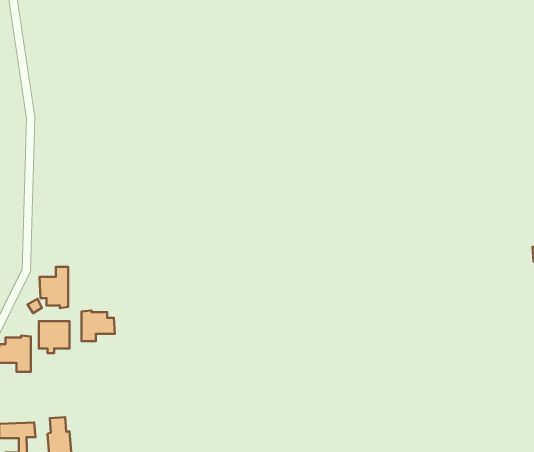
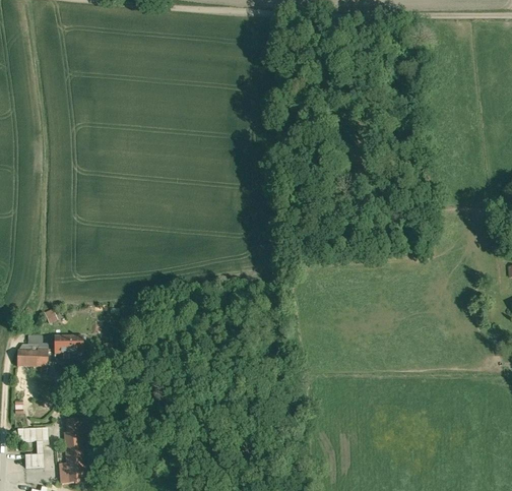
building: [40,267,68,308] -> none
building: [81,310,115,341] -> none

